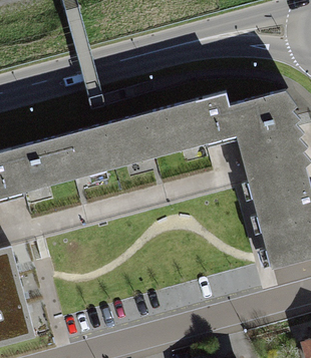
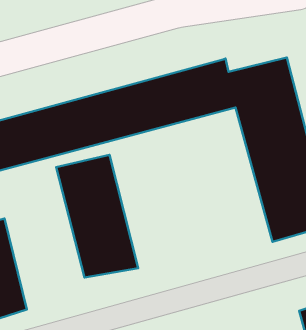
building: none -> [56,155,138,278]

